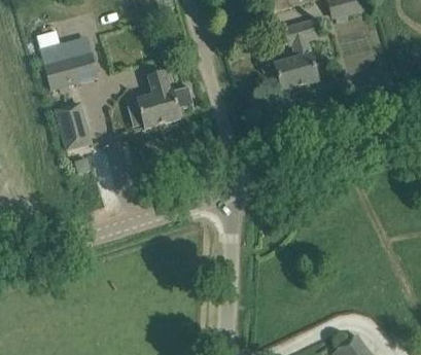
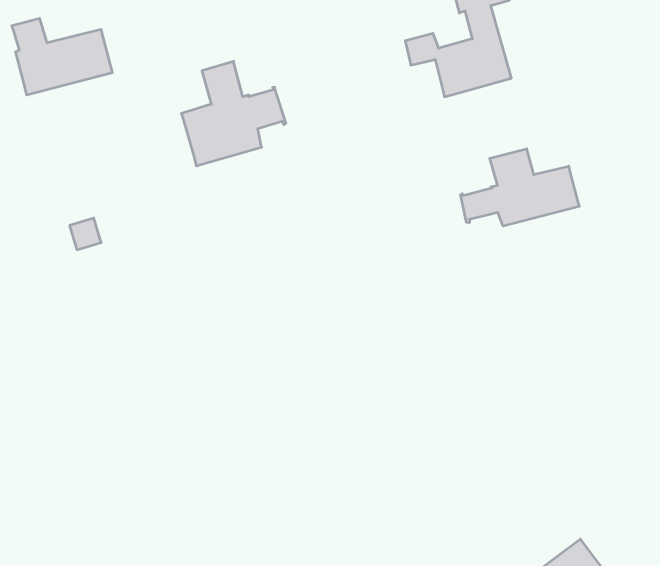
building: [54,101,93,150] -> none
building: none -> [461,149,579,226]

